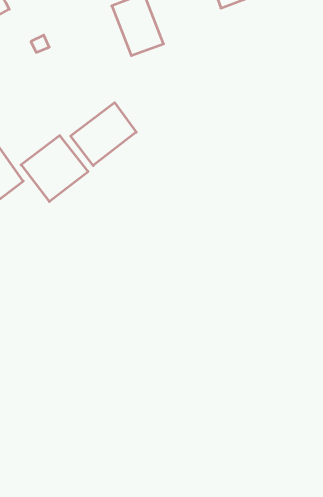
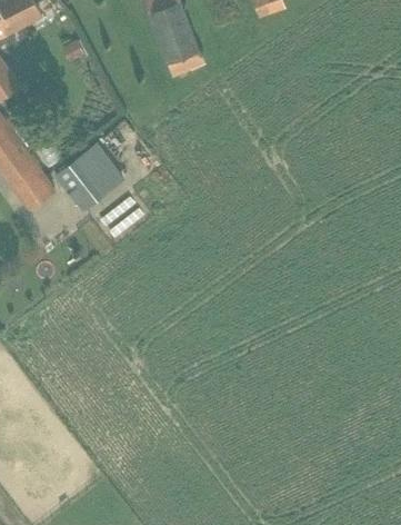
building: [71,103,136,166] -> none

